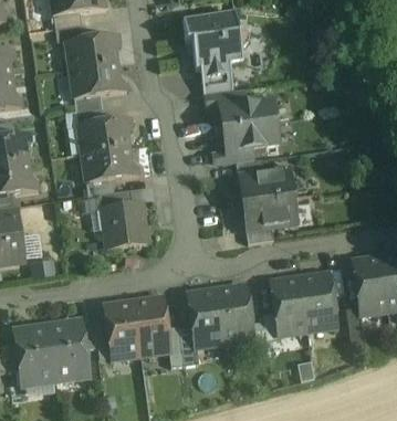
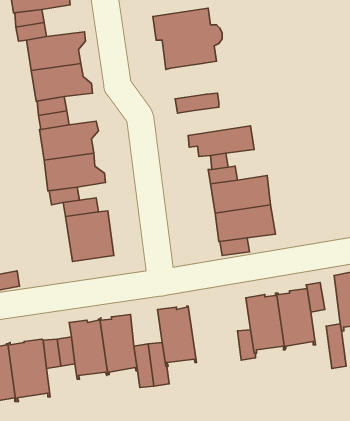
building: [200,63,234,96] -> none
building: [215,97,275,130] -> none
building: [217,286,253,344] -> none

